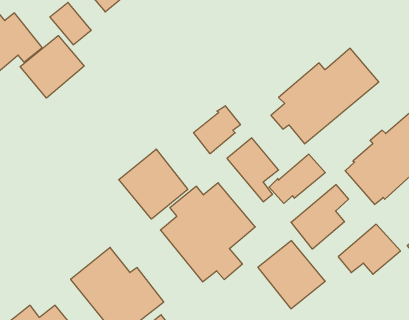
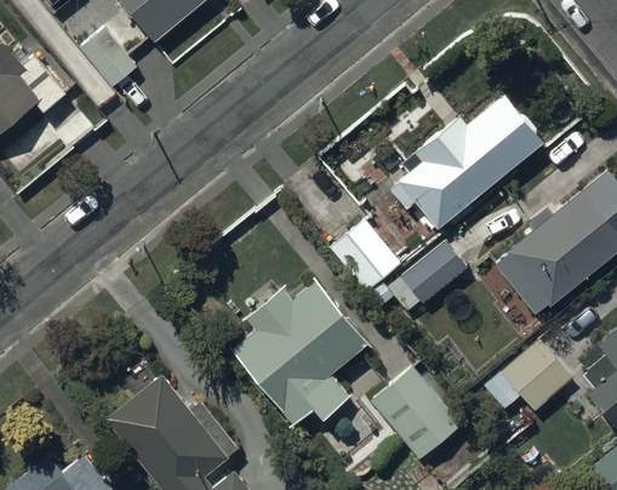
building: [20,36,84,98] -> none
building: [194,106,240,154] -> none
building: [119,149,188,219] -> none
building: [291,185,349,249] -> none

